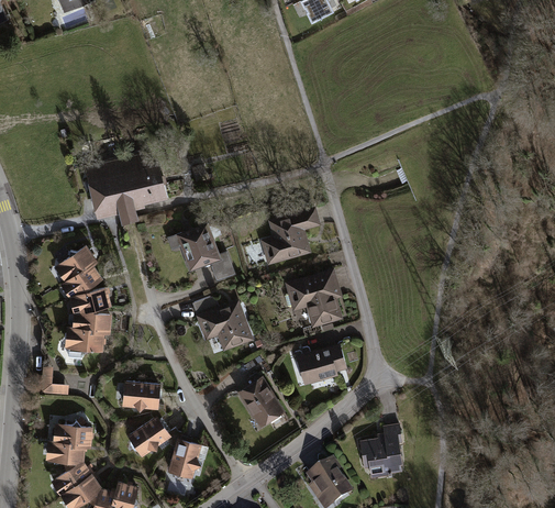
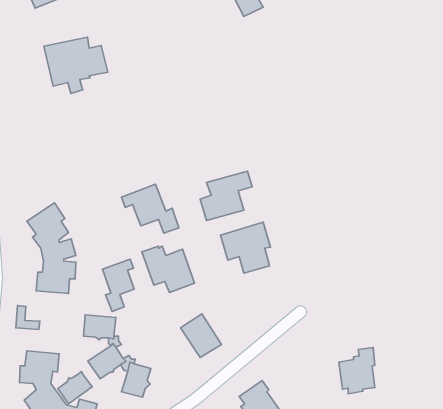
building: [88,155,164,222] -> [44,37,108,94]
building: none -> [102,259,134,311]
building: [296,344,346,386] -> none
building: [359,424,402,479] -> [339,348,375,394]
building: none -> [58,372,92,404]

